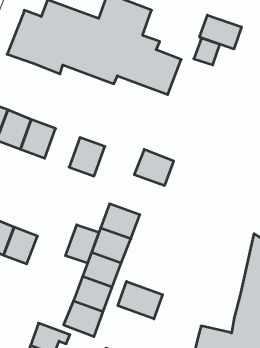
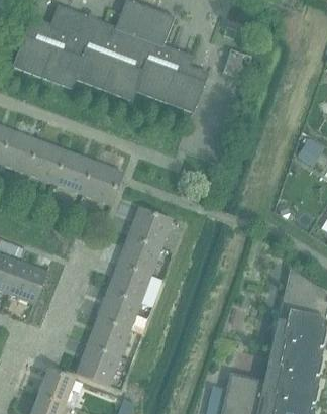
building: [200,15,242,49] -> none
building: none -> [55,150,94,194]
building: [134,149,174,185] -> [127,207,172,247]
building: [65,225,99,263] -> none
building: [118,281,163,319] -> none

